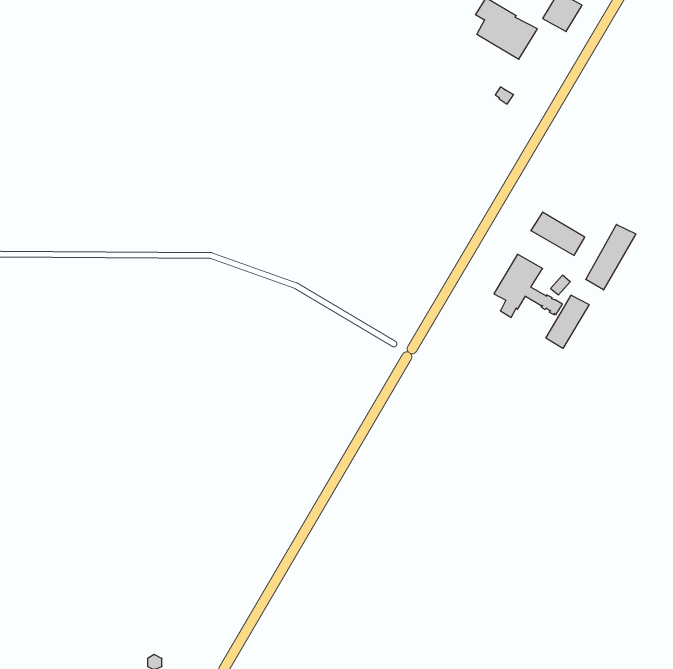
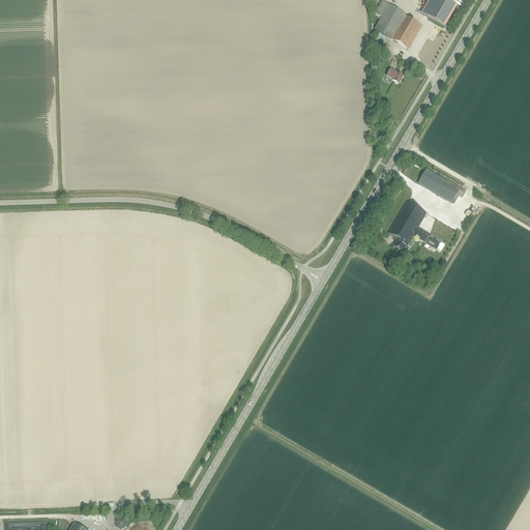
building: [586,224,636,290] -> none
building: [546,295,589,348] -> none

